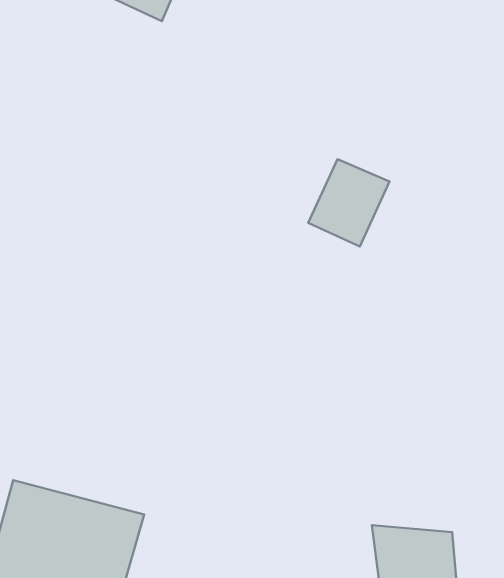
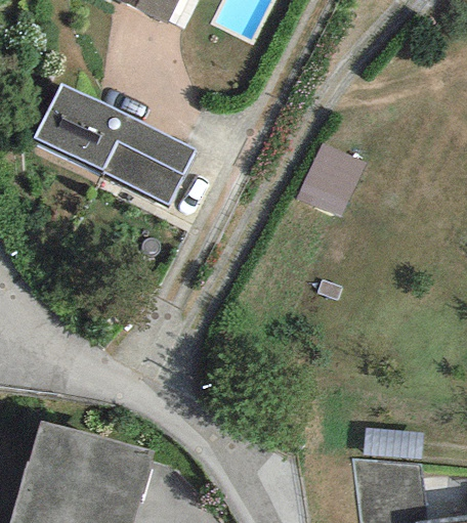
building: none -> [35,83,197,206]

